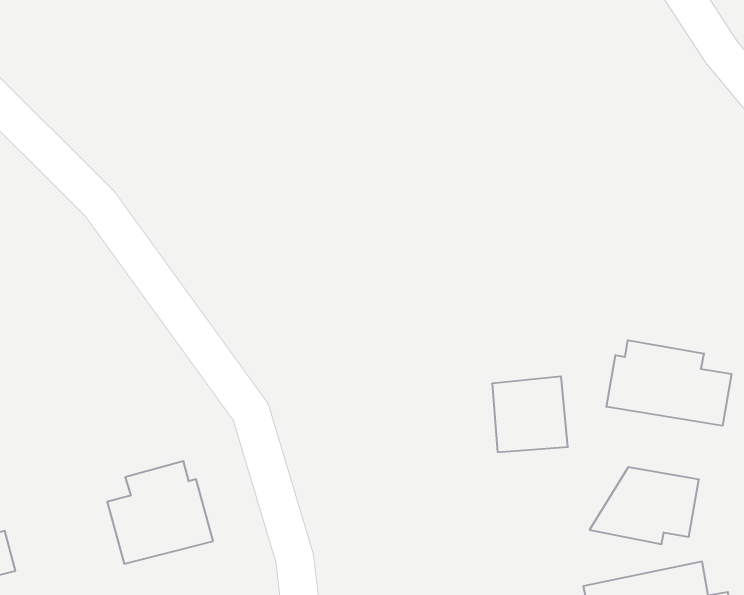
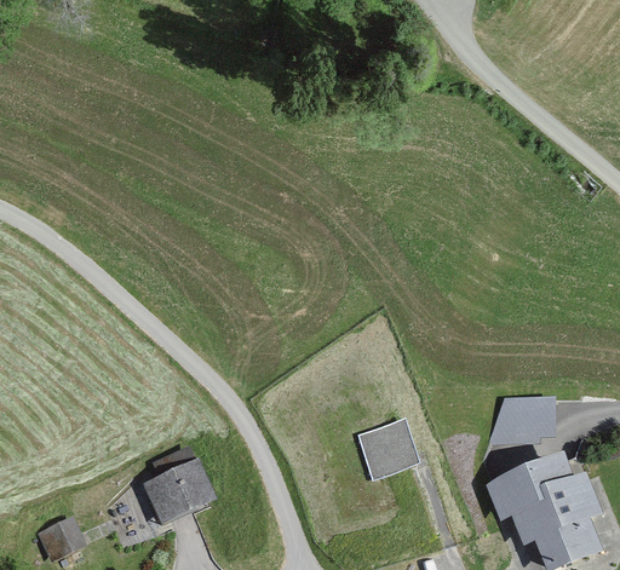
building: [606,340,732,426] -> none
building: [492,376,568,452] -> [356,416,417,477]

